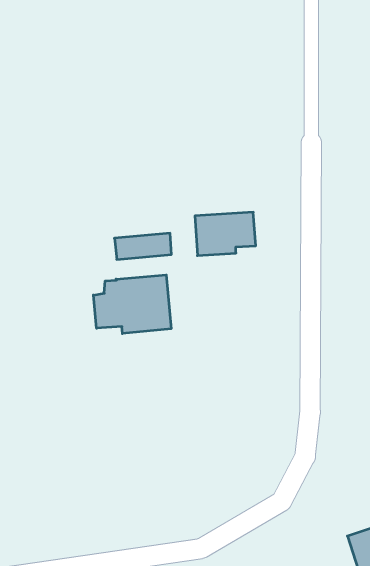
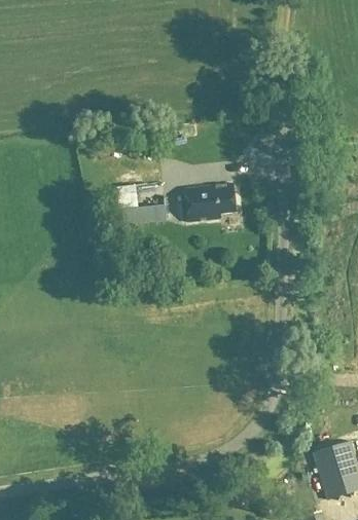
building: [93,275,171,334] -> none

